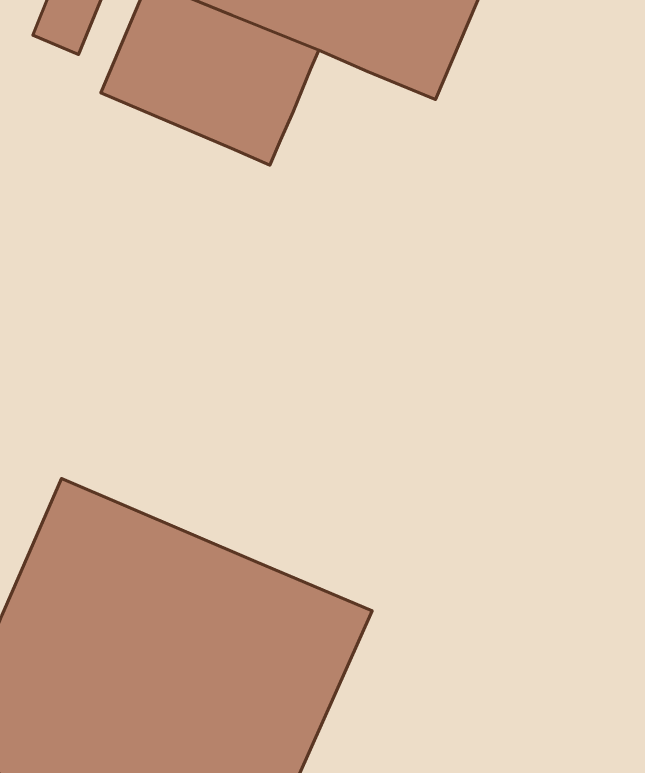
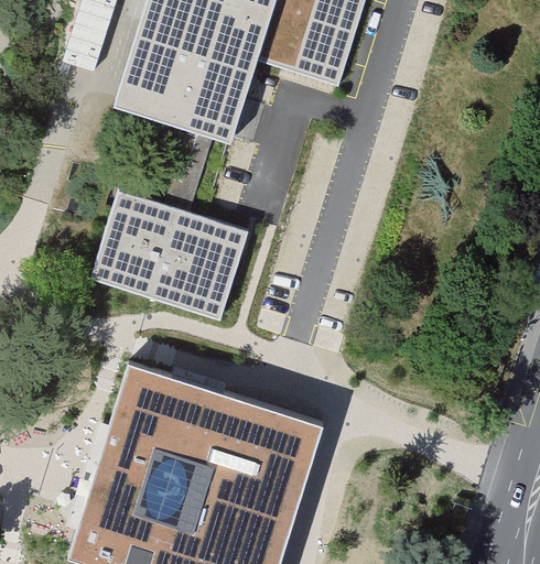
building: none -> [91,187,248,316]

